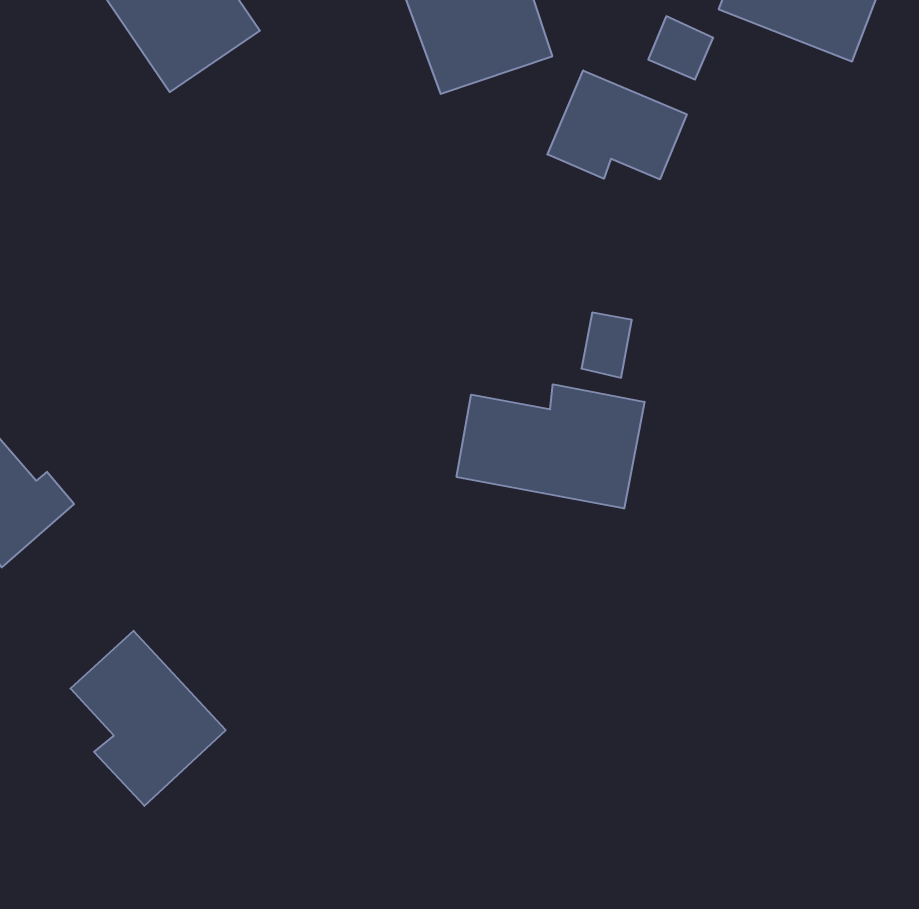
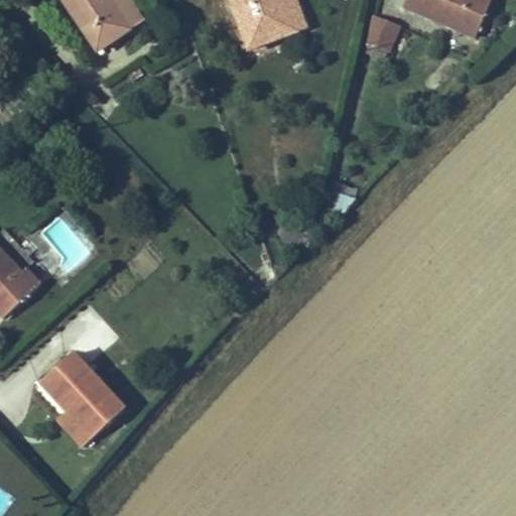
building: [547,70,687,179] -> none
building: [457,384,645,509] -> none

